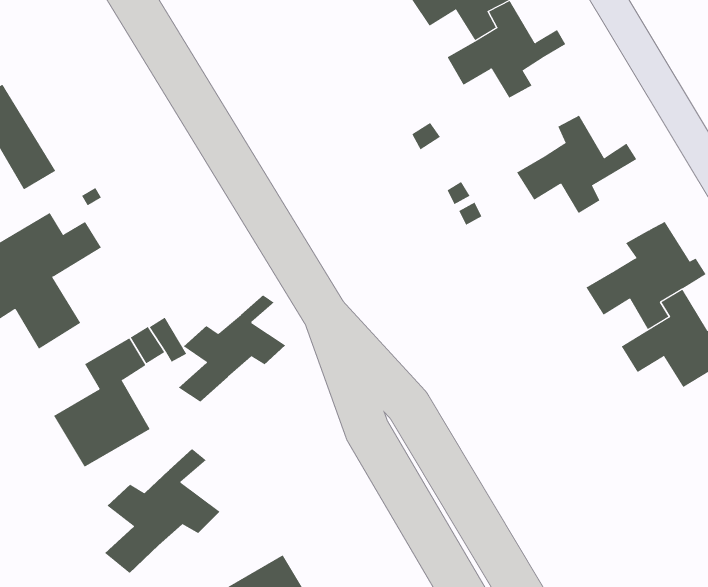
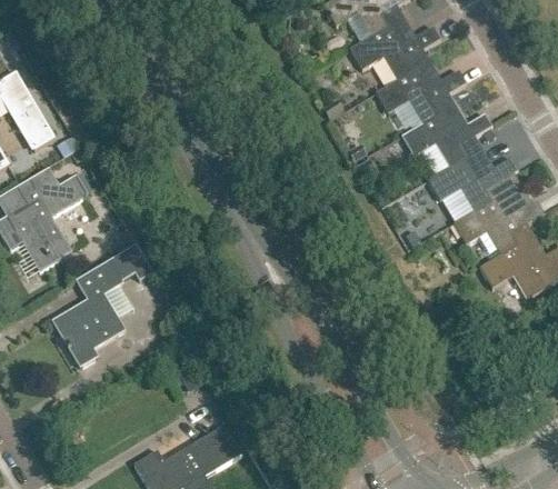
building: none -> [375,50,464,124]
building: none -> [427,137,517,211]
building: [178,294,286,403] -> none
building: [104,448,220,574] -> none

